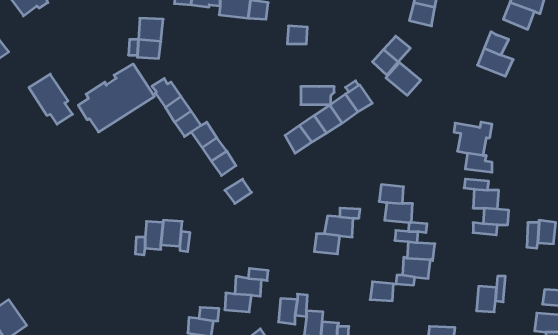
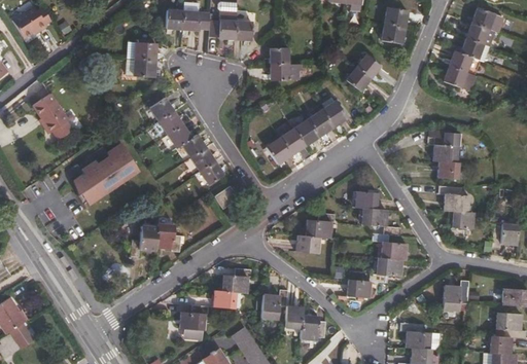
building: none -> [462,39,491,62]
building: [386,62,421,95] -> none
building: [78,64,154,132] -> [73,140,143,203]
building: [301,87,334,105] -> [270,62,301,78]

